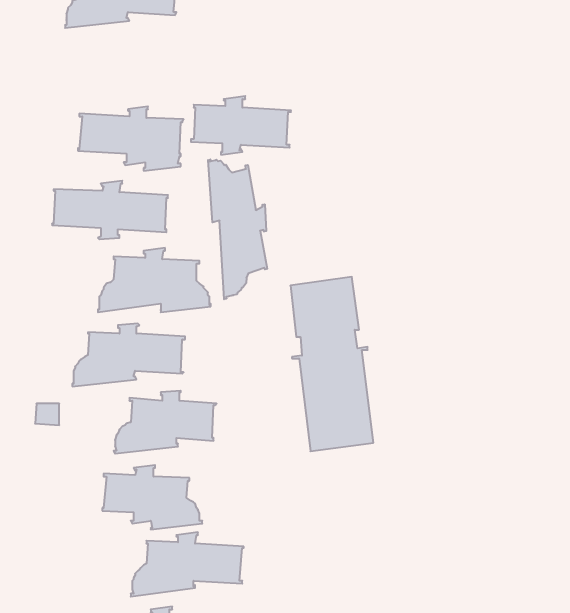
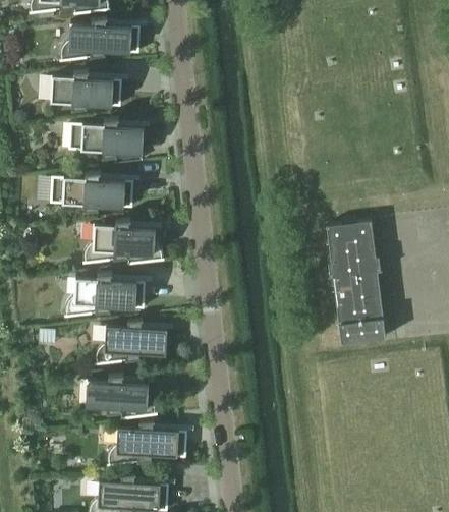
building: [191,96,291,155] -> [51,70,122,112]
building: [208,159,267,299] -> none
building: [290,277,373,451] -> [327,220,386,344]

